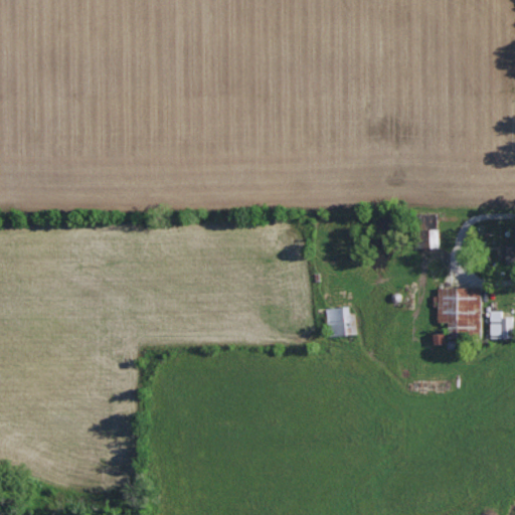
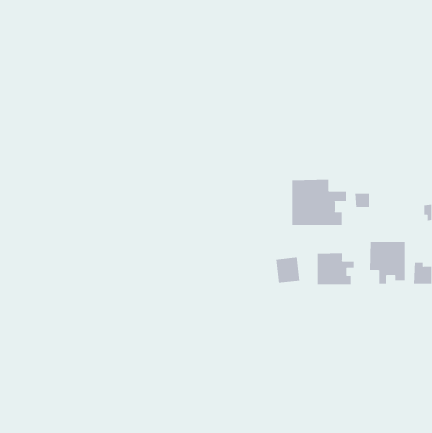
building: none -> [292,179,346,226]
building: none -> [317,252,354,285]

